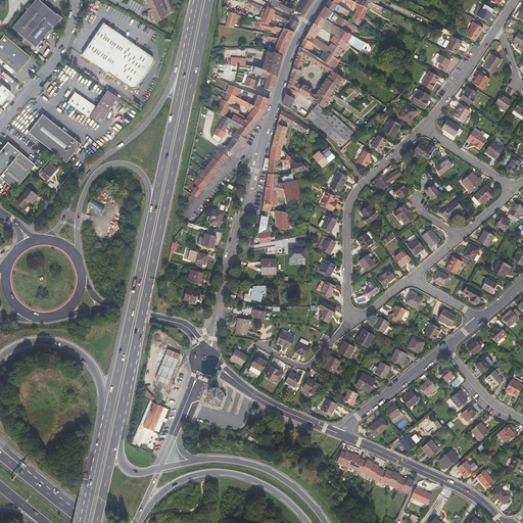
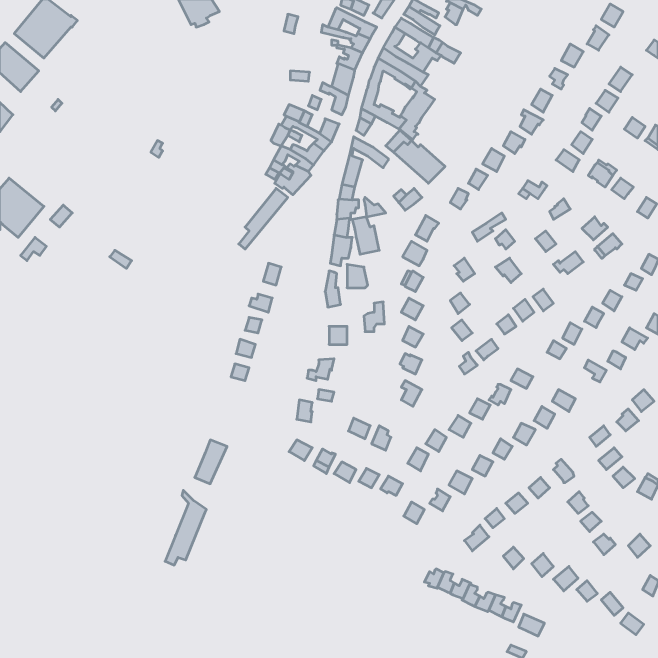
building: [81,22,153,88] -> none
building: [66,89,117,123] -> none
building: [28,113,80,161] -> none

